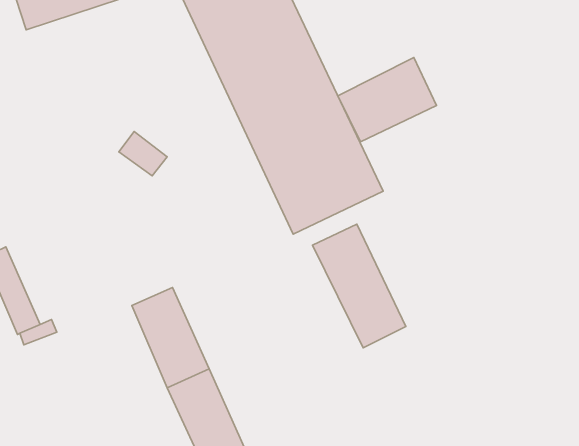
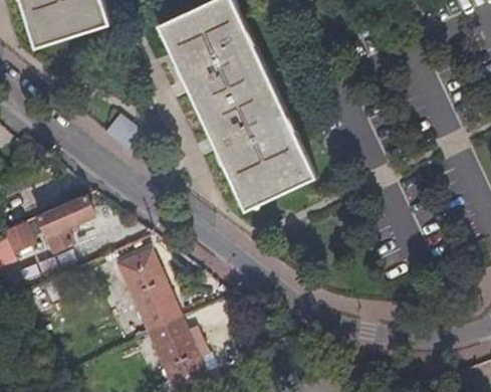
building: [338,58,437,142] -> none
building: none -> [32,194,89,255]
building: [312,224,406,348] -> none

